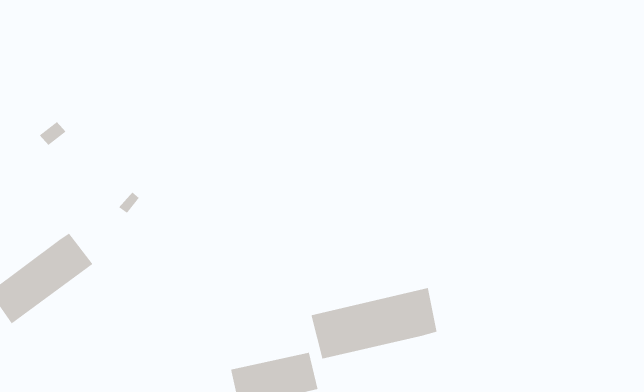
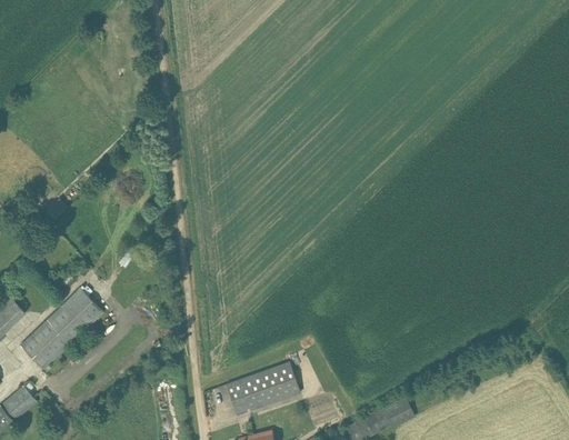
building: [310,287,438,359] -> none

